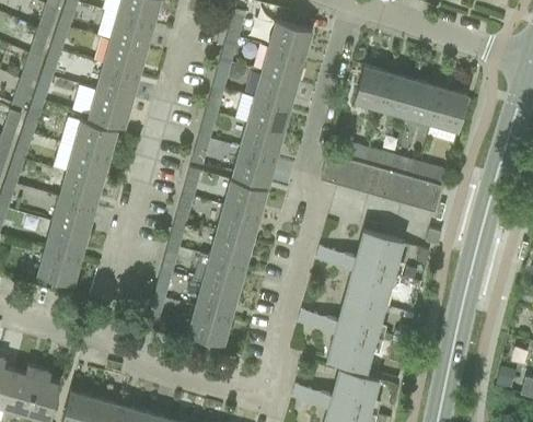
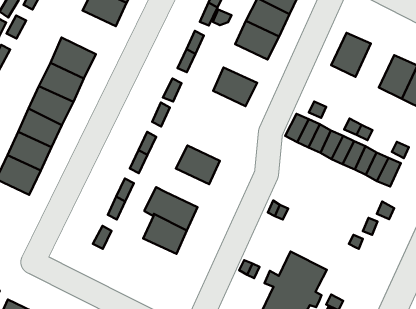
building: [381,73,416,116] -> none
building: [90,90,132,126] -> none
building: [247,97,290,132] -> none
building: [233,148,276,185] -> none
building: [224,180,267,216] -> none
building: [210,232,253,267] -> none
building: [343,232,404,307] -> none
building: [188,307,232,343] -> none

